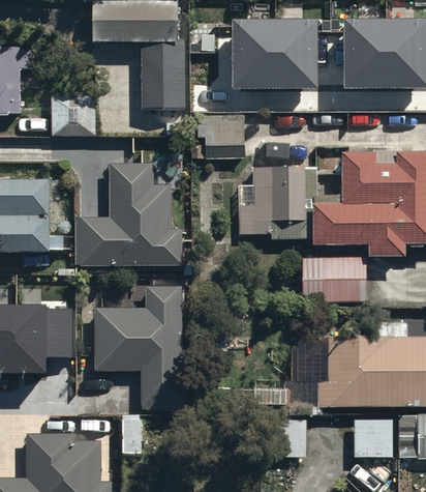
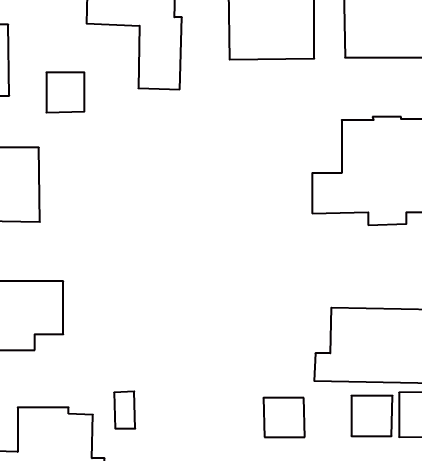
building: [186,115,244,161] -> none
building: [73,166,179,262] -> none
building: [236,168,307,240] -> none
building: [300,255,363,300] -> none
building: [93,284,185,408] -> none

